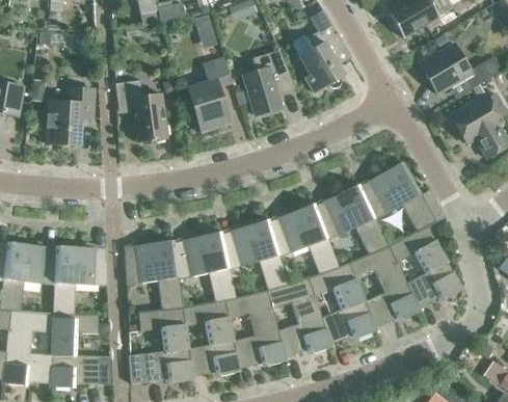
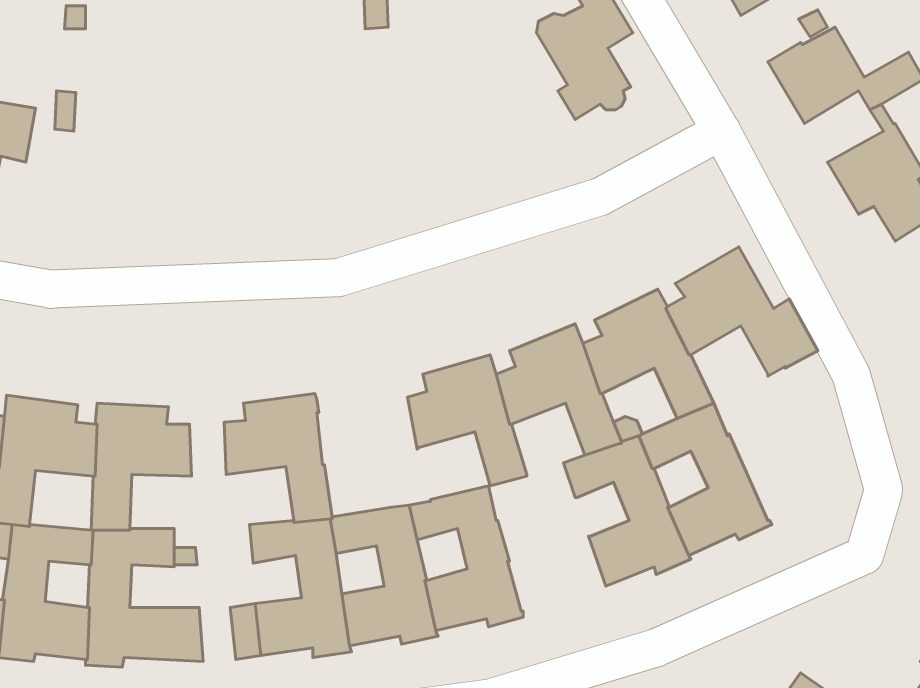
building: [243,50,296,114] -> none
building: [187,56,232,132] -> none
building: [115,80,167,141] -> none
building: [41,87,93,144] -> none
building: [389,225,462,309] -> none
building: [175,231,236,301] -> none
building: [267,277,331,357] -> none

